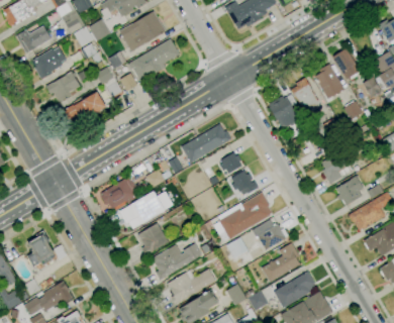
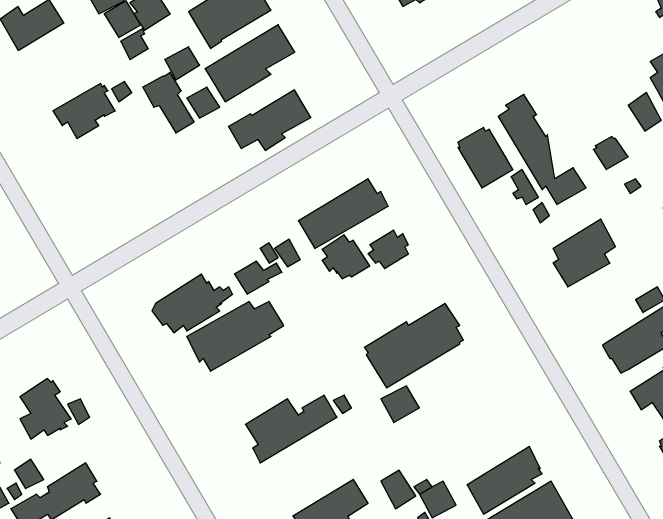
building: [32,46,66,80] -> none
building: [332,48,360,80] -> none
building: [314,64,344,99] -> none
building: [61,92,106,125] -> [228,90,311,150]
building: [231,171,258,195] -> [322,235,370,279]
building: [335,177,364,206] -> none
building: [137,223,168,256] -> none
building: [257,224,289,250] -> none
building: [262,243,300,283] -> none
building: [167,268,215,305] -> none

